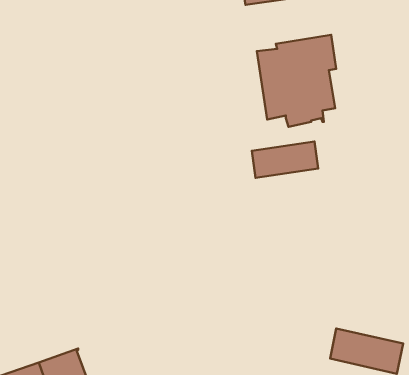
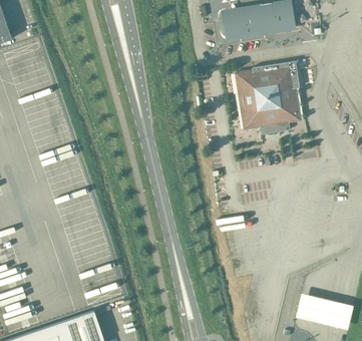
building: [252,141,318,178] -> none

